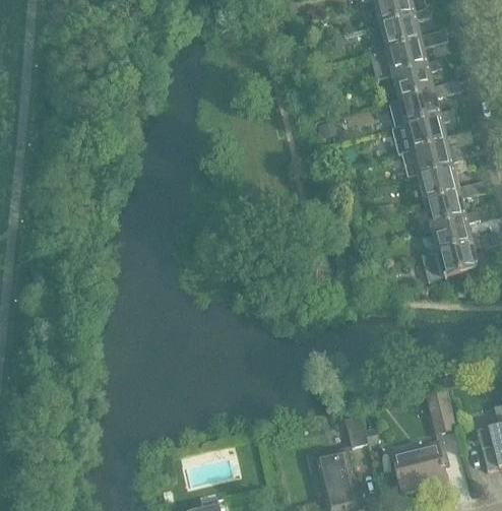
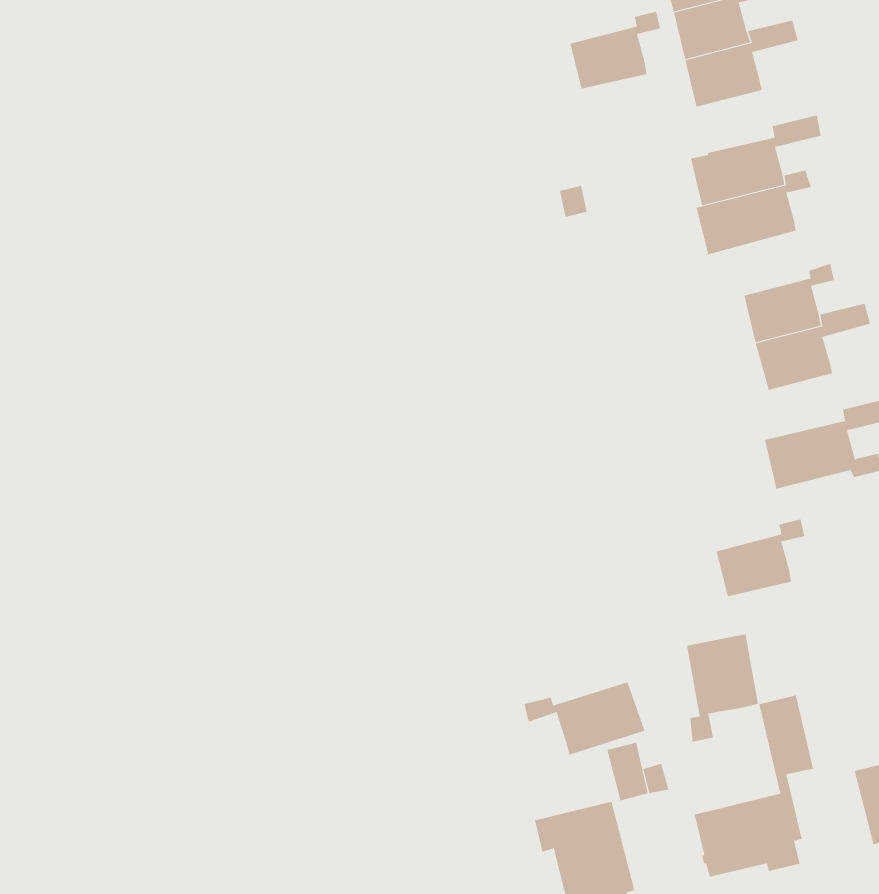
building: [393,57,442,99] -> [569,11,661,89]
building: [402,129,474,177] -> none
building: [432,208,480,250] -> [716,519,805,597]
building: none -> [686,634,759,743]
building: none -> [524,682,645,755]

